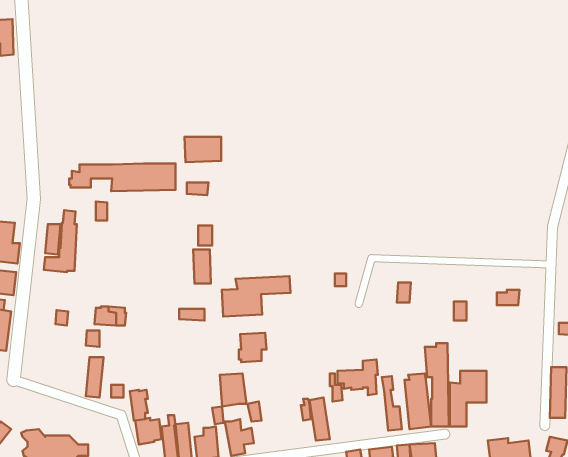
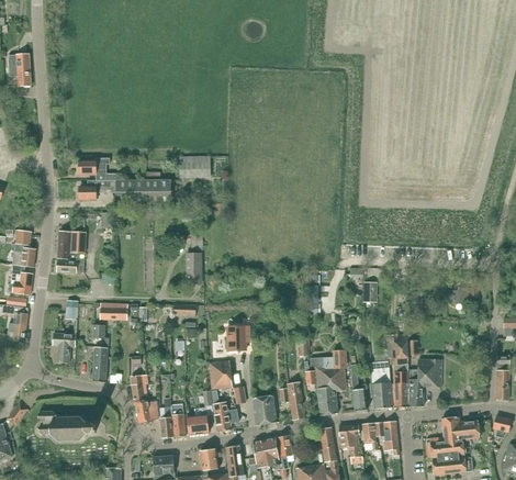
building: none -> [77,158,115,180]
building: [222,276,290,317] -> none
building: none -> [52,333,76,362]
building: none -> [316,373,346,415]
building: none -> [251,395,277,426]

